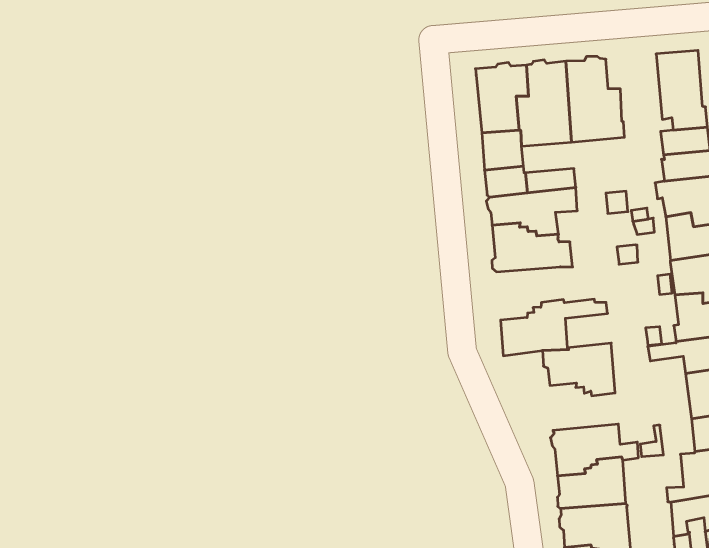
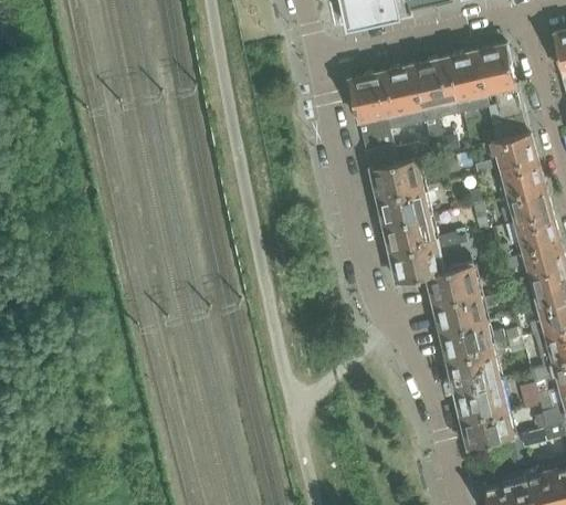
building: none -> [441,53,488,105]
building: none -> [382,215,434,260]
building: none -> [433,297,495,334]

